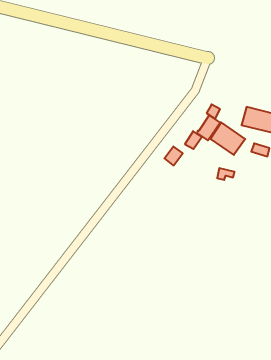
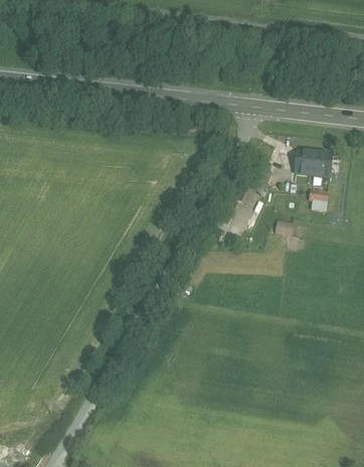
building: [210,122,245,155] -> none

